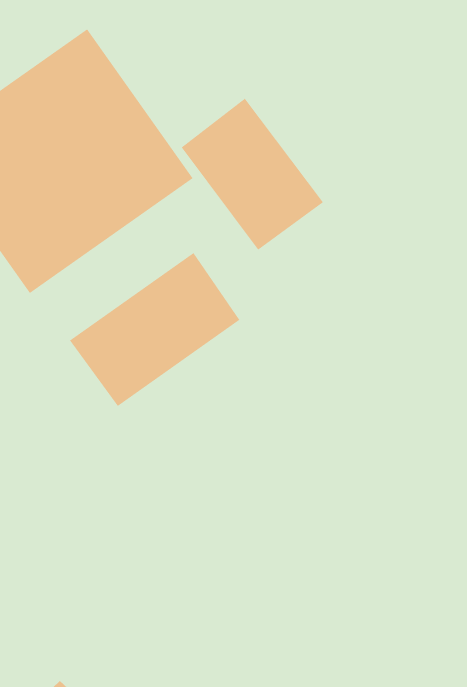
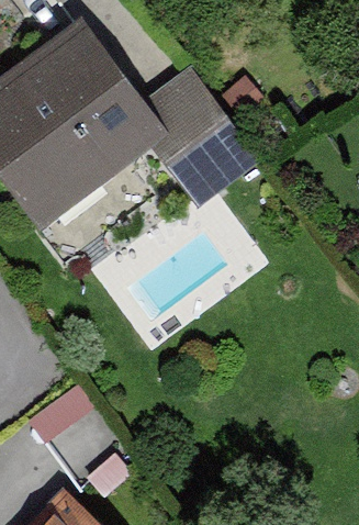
building: [69,252,240,407] -> none

